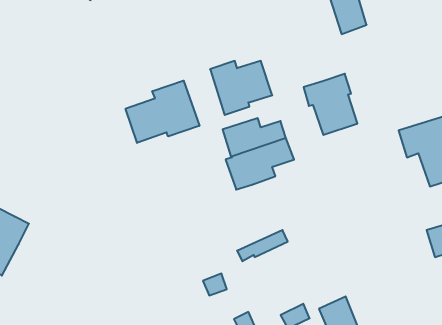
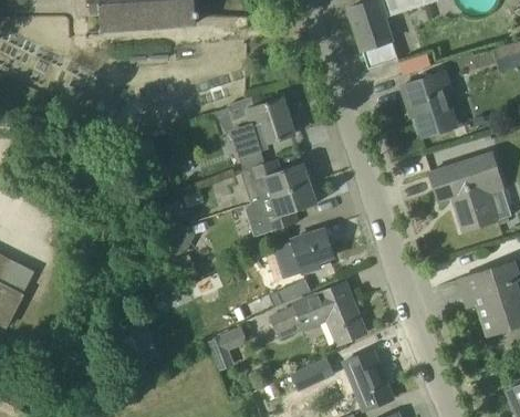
building: [304,74,357,135] -> [401,72,458,137]
building: [126,81,199,143] -> none
building: none -> [275,230,333,280]
building: none -> [268,282,365,344]

